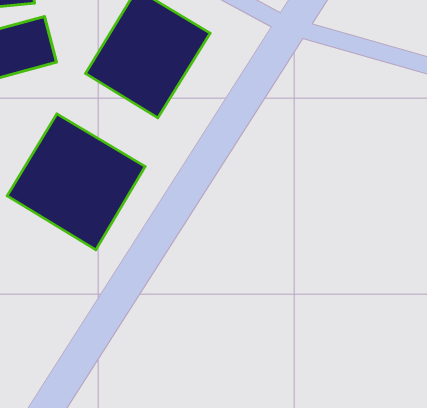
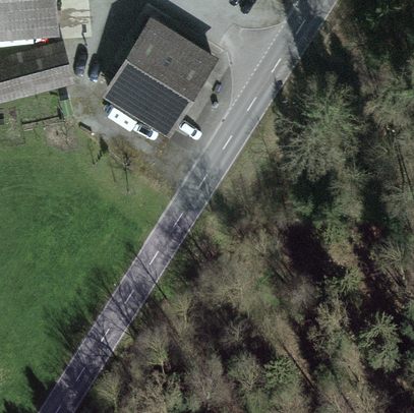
building: [7,114,145,250] -> none

